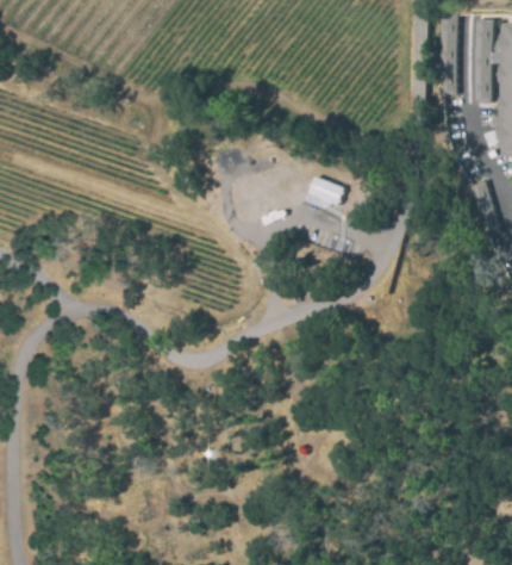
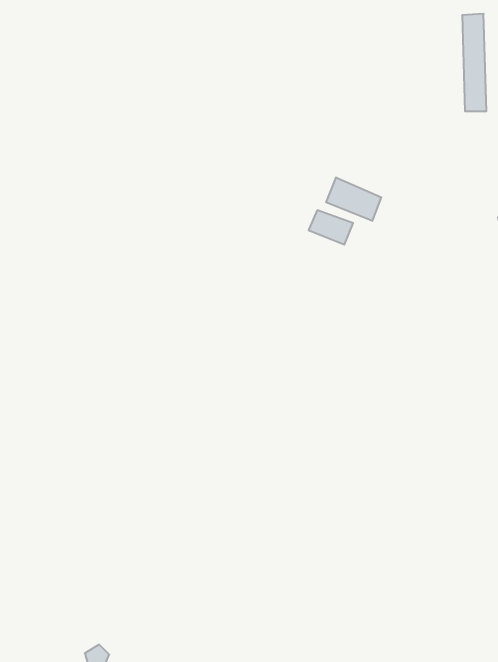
building: none -> [326,177,381,221]

